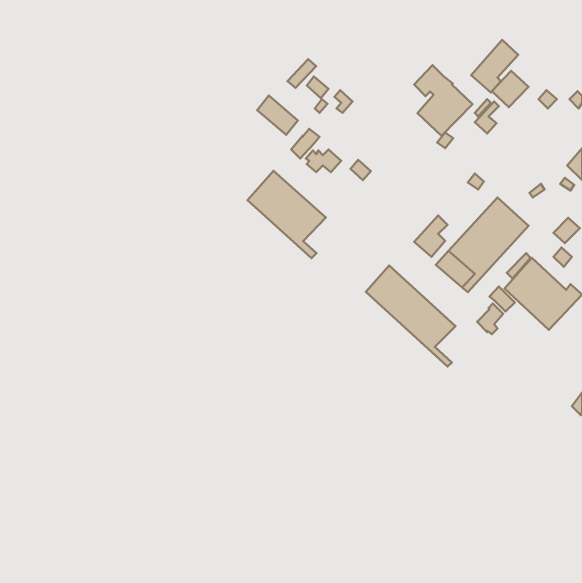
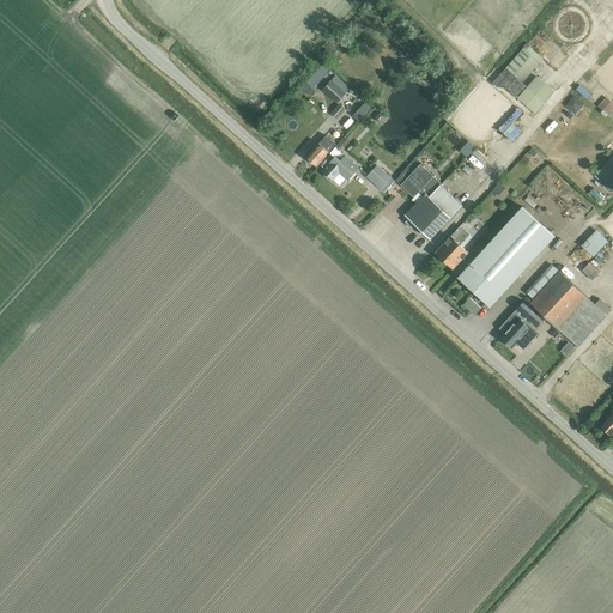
building: [414,65,472,136] -> [401,165,462,239]
building: [257,96,298,135] -> none
building: [247,171,326,258] -> none
building: [366,266,455,366] -> none

